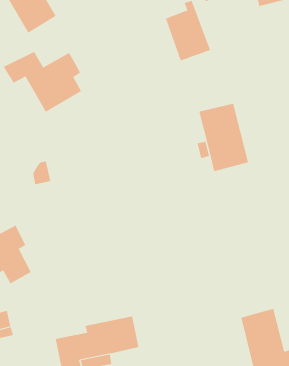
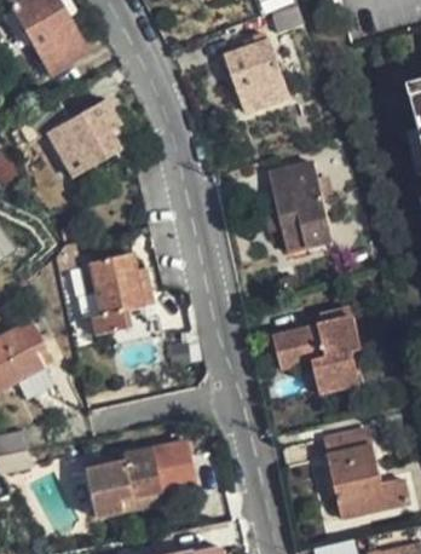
building: none -> [83,254,160,347]
building: none -> [275,316,364,398]

